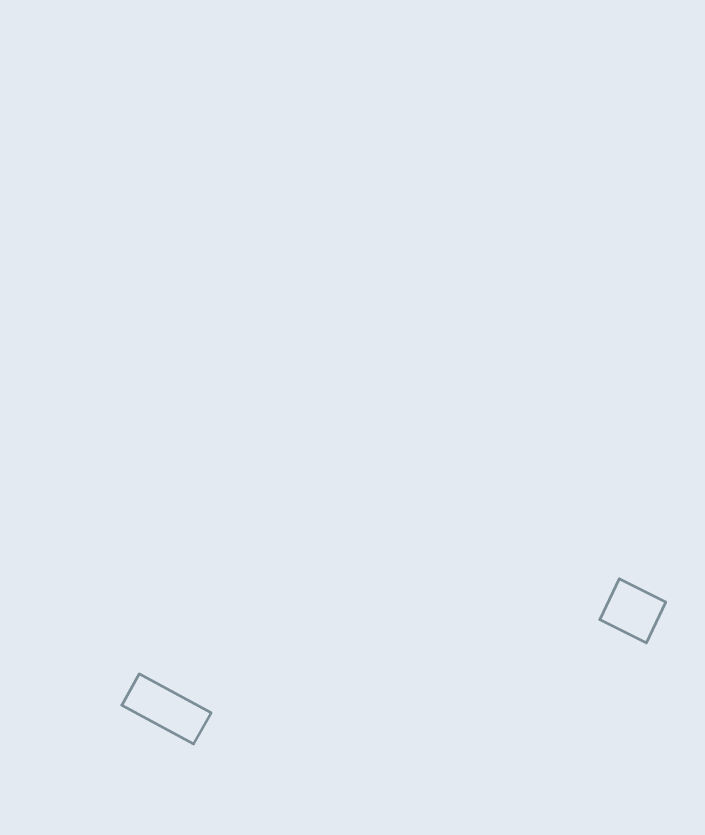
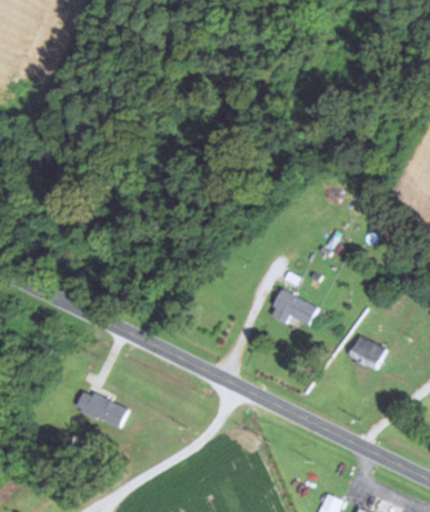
building: none -> [269,289,318,325]

